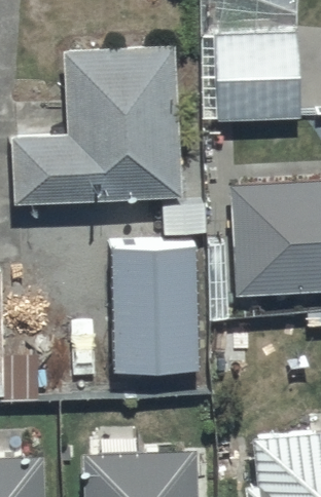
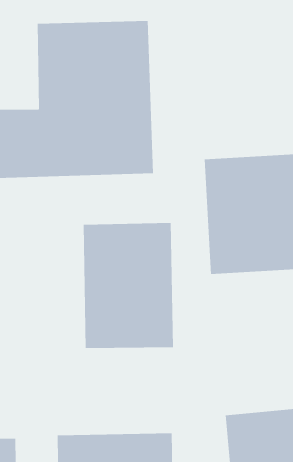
building: [203,34,300,122] -> none

